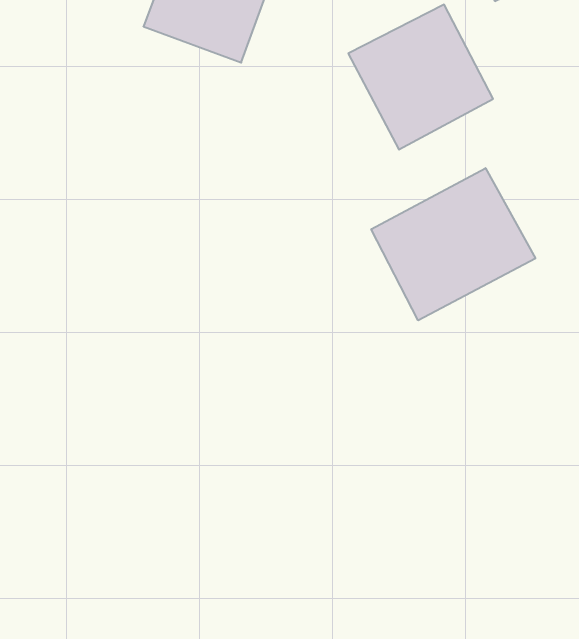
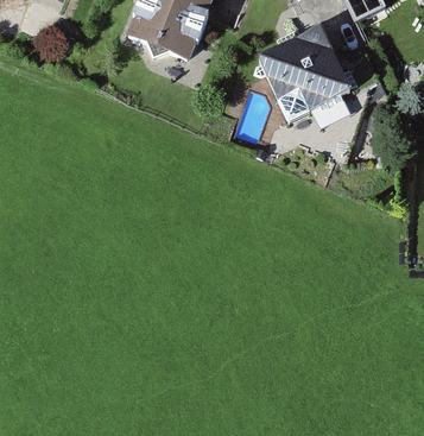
building: [371,168,535,320] -> none

